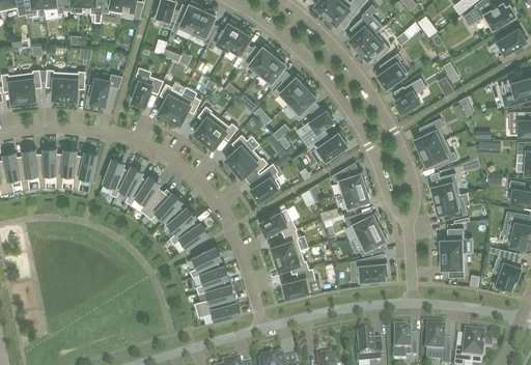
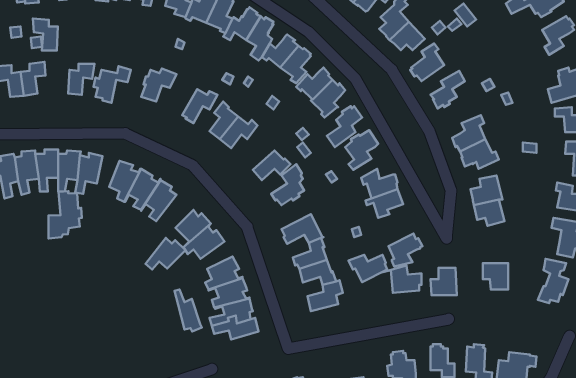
building: [43,68,65,97] -> [33,19,58,50]
building: [157,82,181,117] -> none
building: [224,134,252,167] -> none
building: none -> [49,191,82,238]
building: [144,190,180,219] -> [145,238,185,270]
building: [343,212,379,236] -> [348,255,387,282]
building: [441,227,465,252] -> [430,268,457,295]
building: none -> [175,290,202,331]

